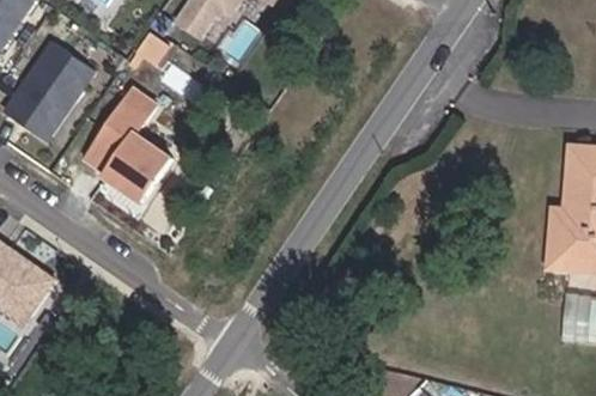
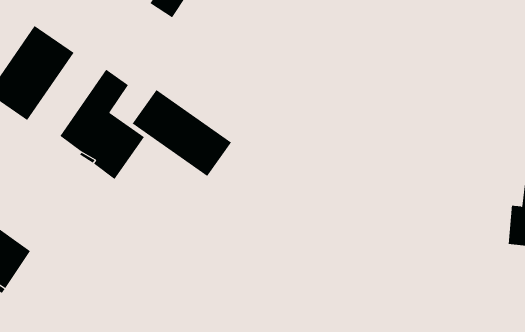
building: none -> [132,89,232,177]

